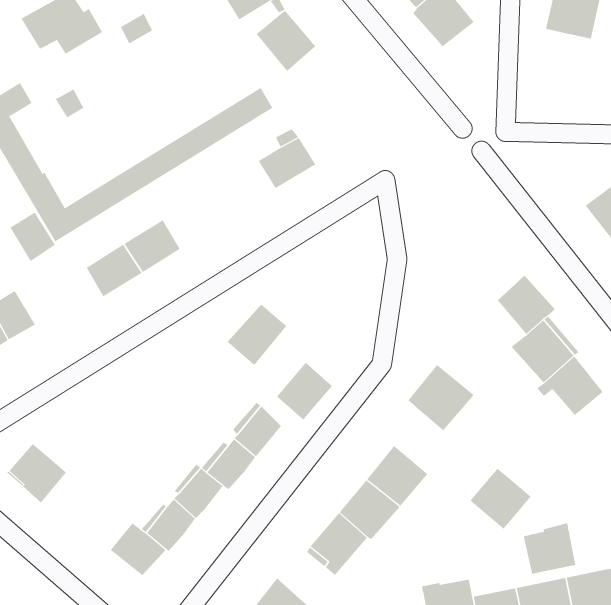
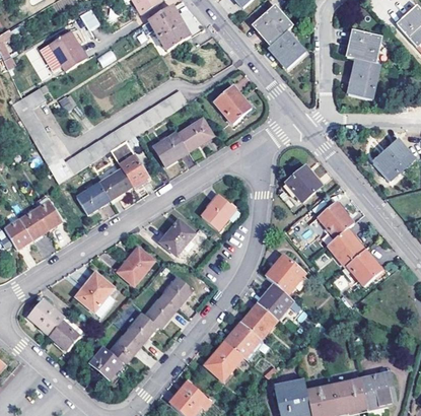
building: [256,10,316,72] -> [214,86,250,123]
building: none -> [347,58,378,98]
building: none -> [153,132,188,164]
building: none -> [119,156,147,186]
building: [9,212,56,262] -> [34,201,62,230]
building: none -> [286,165,321,200]
building: none -> [118,247,152,283]
building: [276,362,333,420] -> [203,196,236,230]
building: none -> [77,274,116,319]
building: [470,468,532,530] -> [258,282,294,319]
building: none -> [50,317,82,351]
building: [523,523,576,575] -> none

